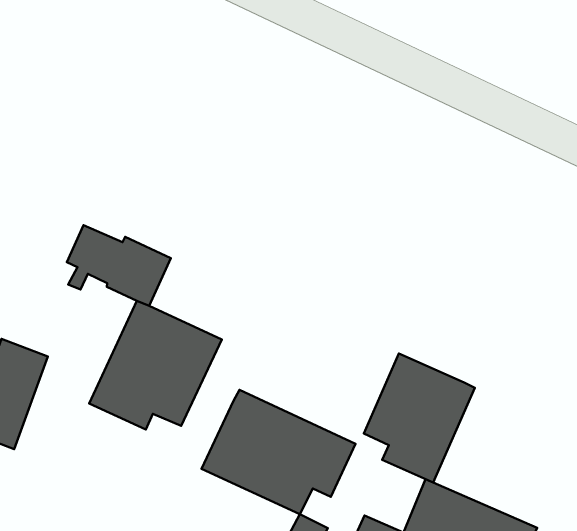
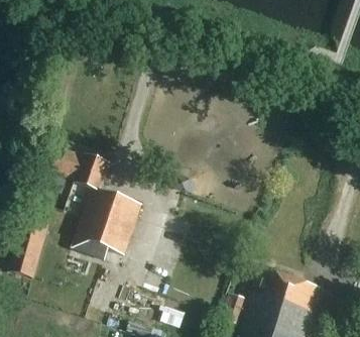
building: [364,353,475,482] -> none
building: [202,390,356,514] -> none

